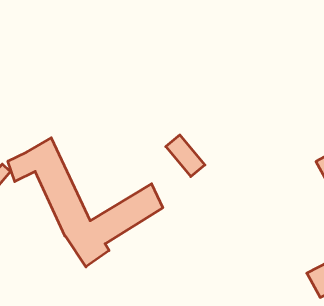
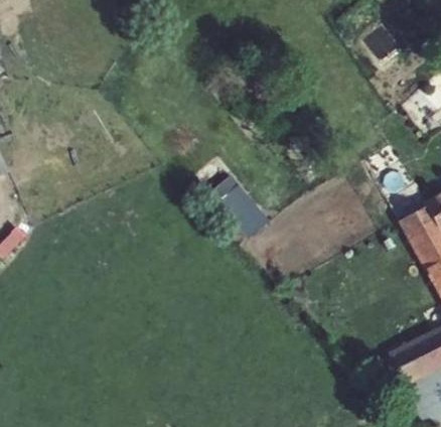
building: [8,138,163,267] -> none

